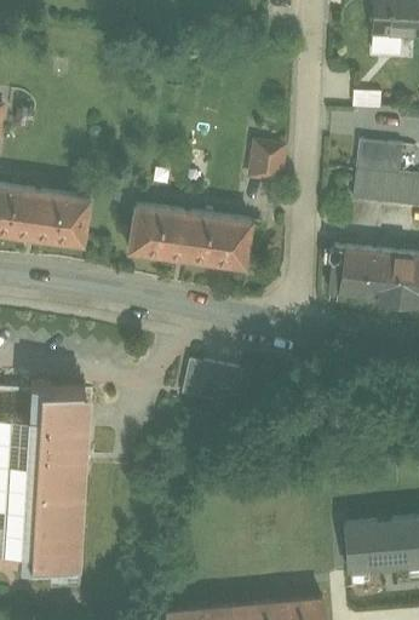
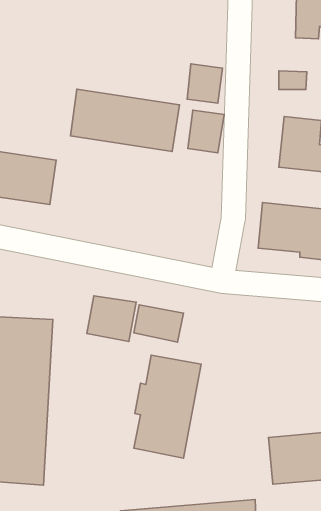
building: none -> [187,64,223,103]
building: [128,200,256,272] -> [71,89,179,151]
building: none -> [87,296,136,341]
building: none -> [134,355,201,458]

